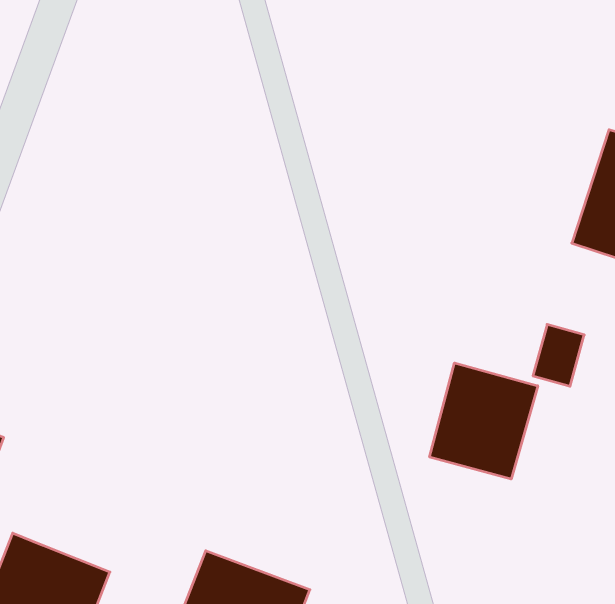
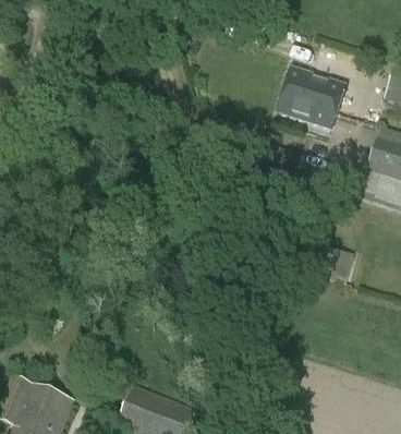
building: none -> [278,65,345,126]
building: [430,363,538,479] -> none

